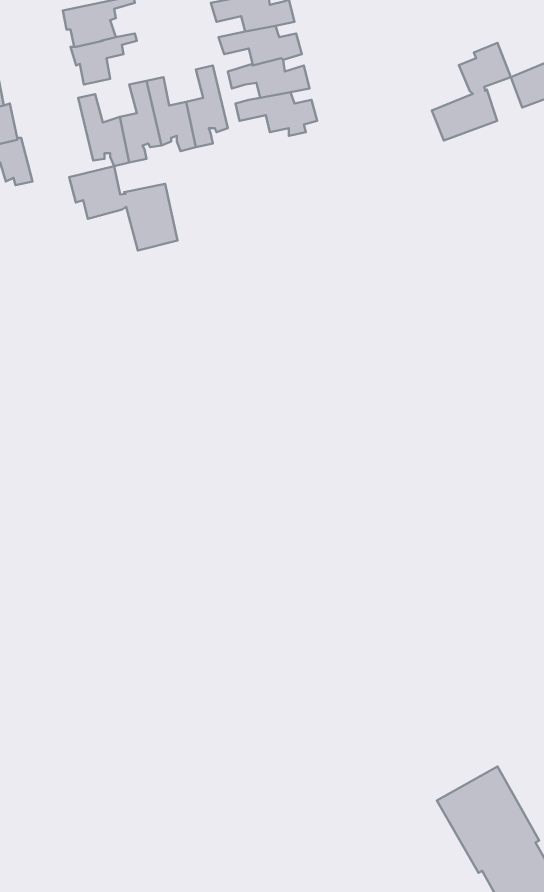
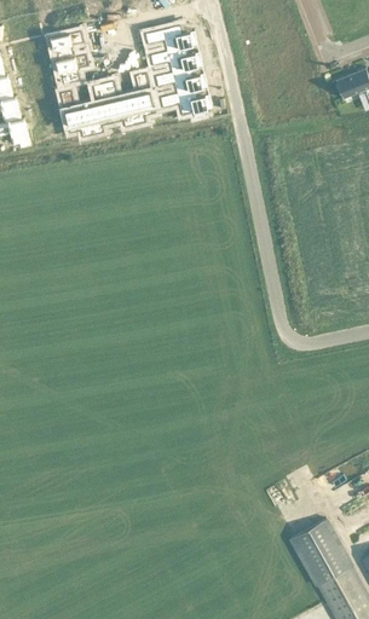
building: [432,43,511,141] -> none
building: [69,166,177,250] -> none

